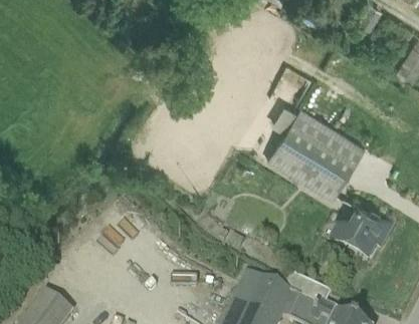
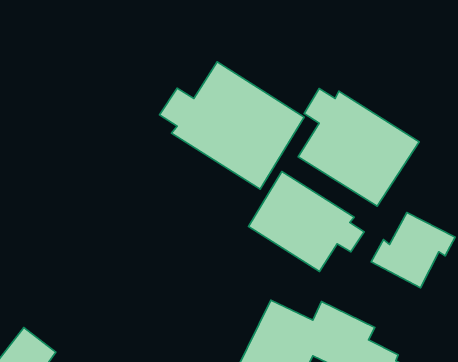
building: none -> [160,62,304,189]
building: none -> [248,171,364,272]

